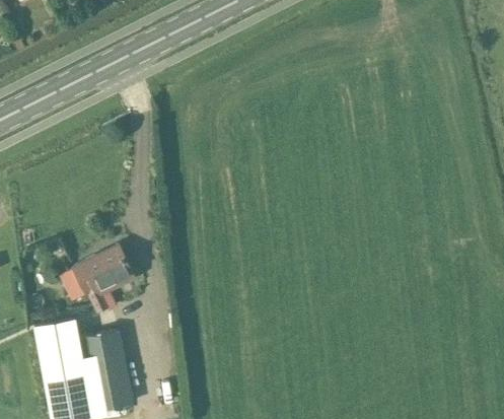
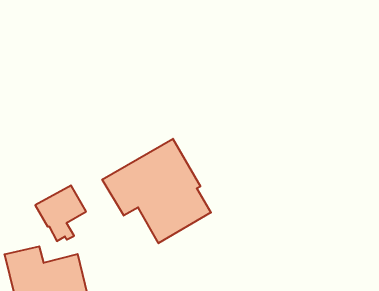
building: none -> [102,139,211,243]

